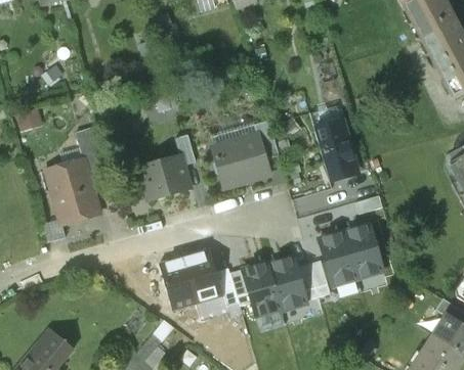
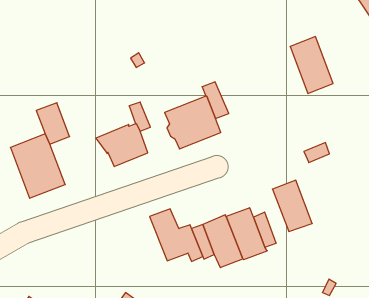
building: [314,121,356,180] -> [290,37,333,94]
building: [344,223,383,278] -> none
building: [159,256,201,312] -> none

